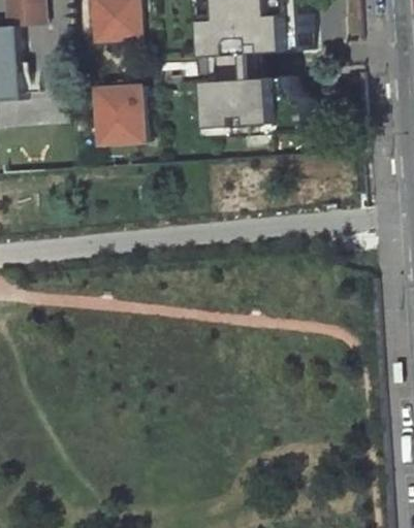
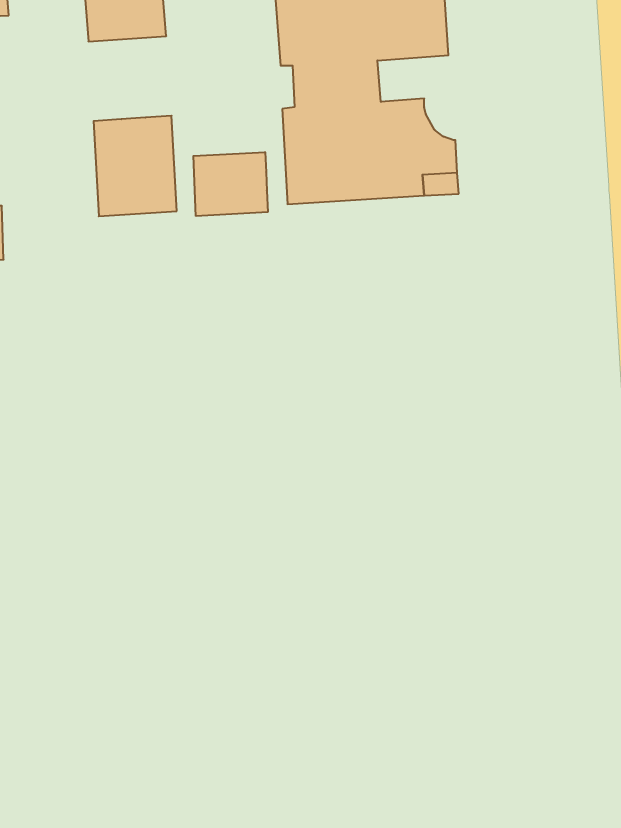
building: none -> [193,152,268,216]

